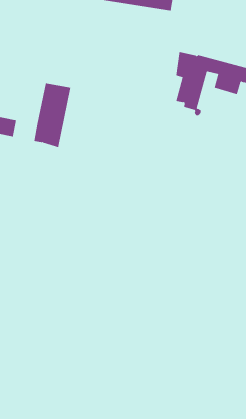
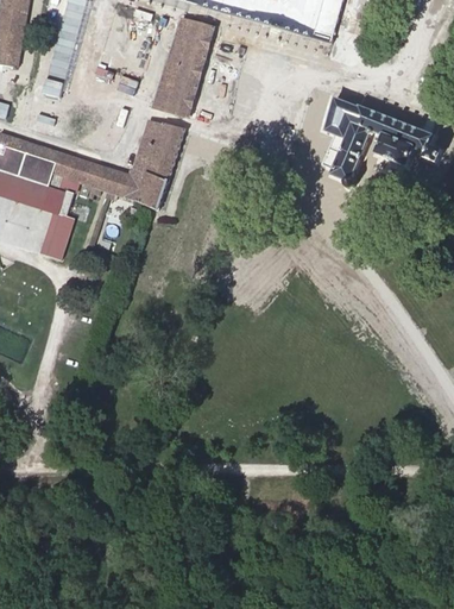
building: none -> [152,18,213,117]
building: none -> [97,165,131,196]

